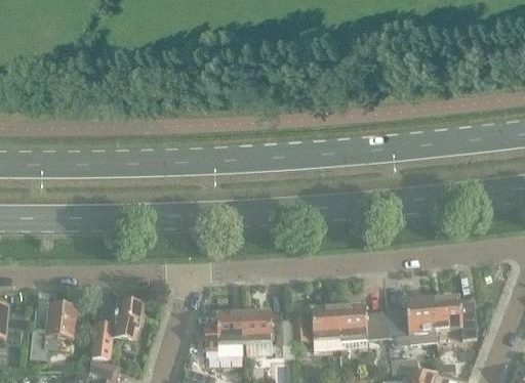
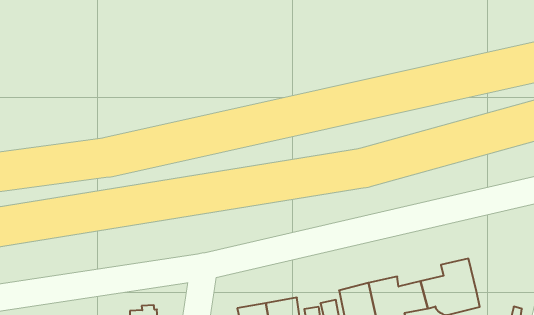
building: [431,295,478,341] -> none

